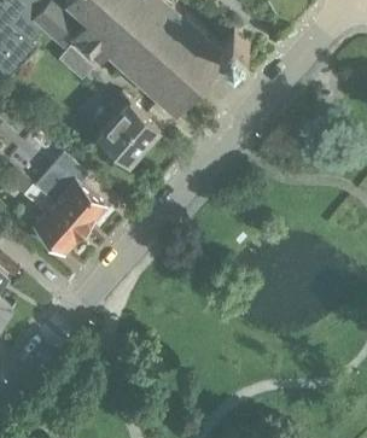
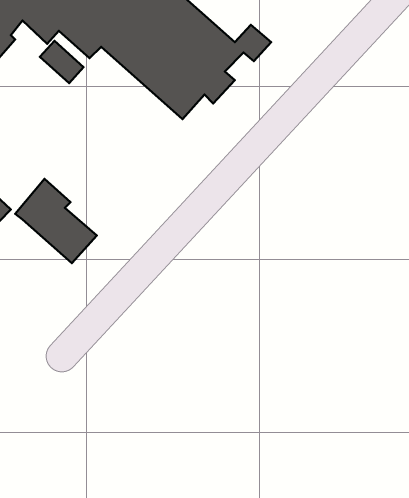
building: [97,94,159,165] -> none
building: [33,194,83,255] -> none

